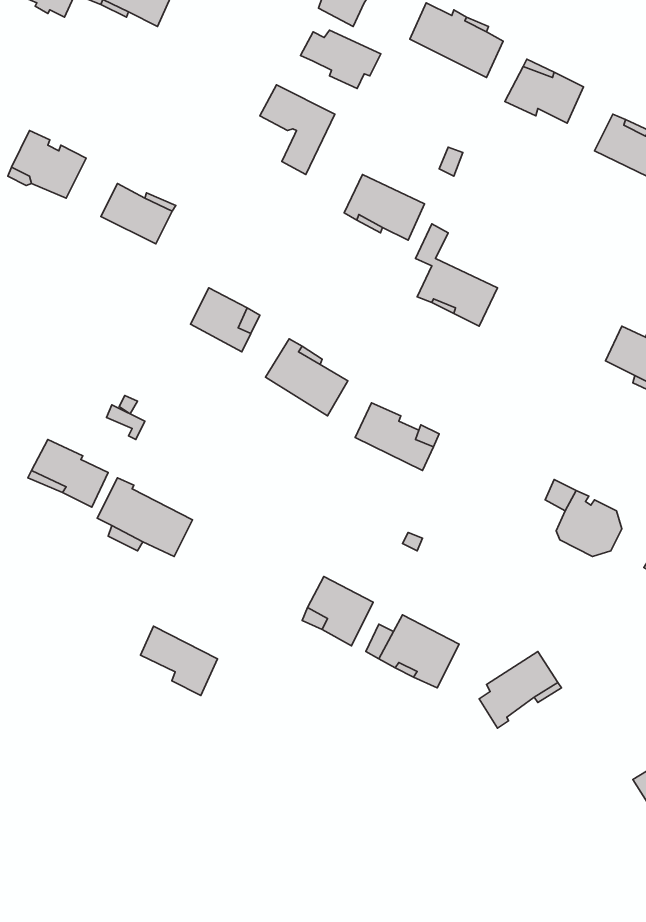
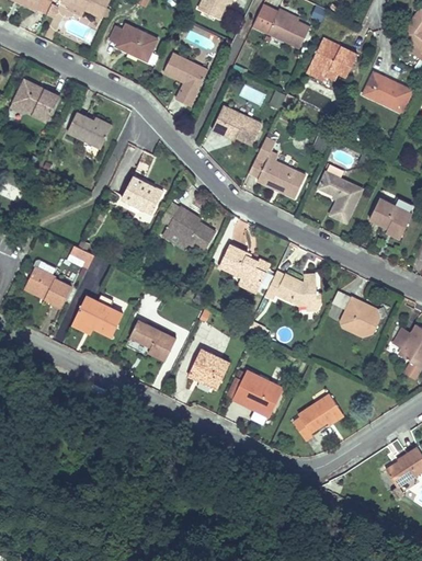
building: [300,30,381,89] -> [109,25,157,60]
building: none -> [318,171,362,222]
building: none -> [264,272,317,305]
building: [141,626,217,695] -> [129,320,175,362]

